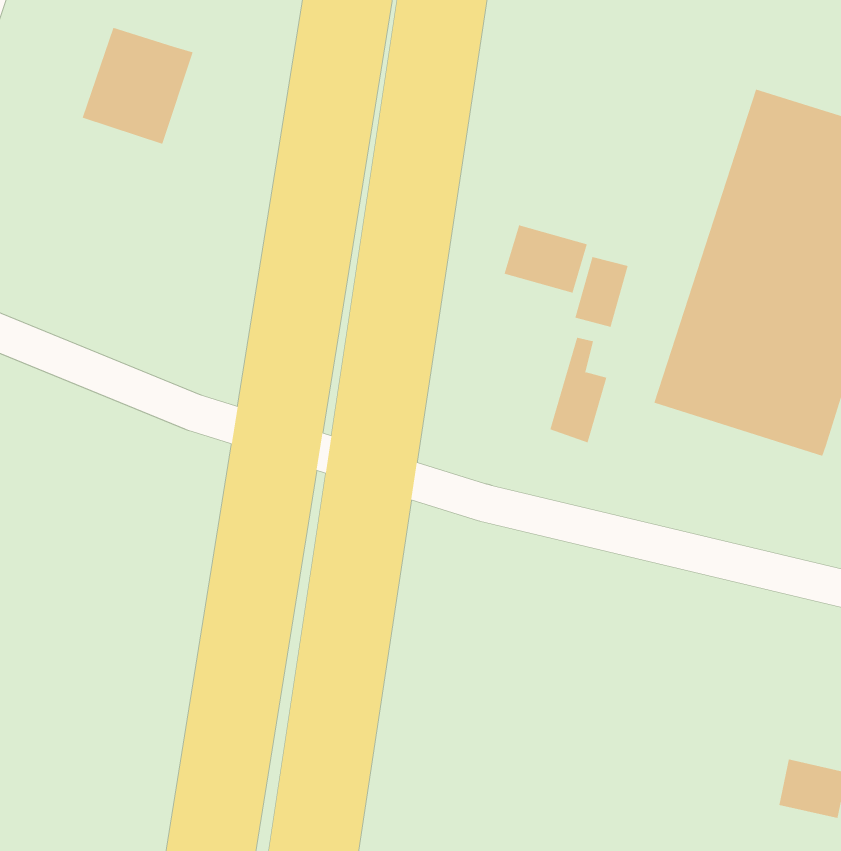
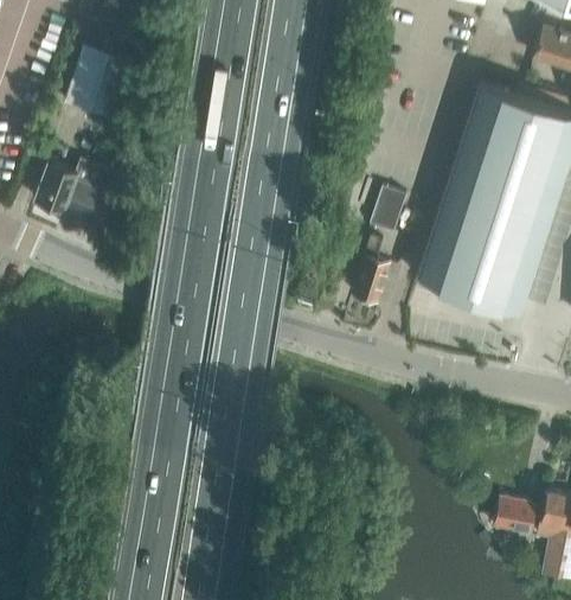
building: none -> [36,162,121,226]
building: [504,224,588,294] -> none

